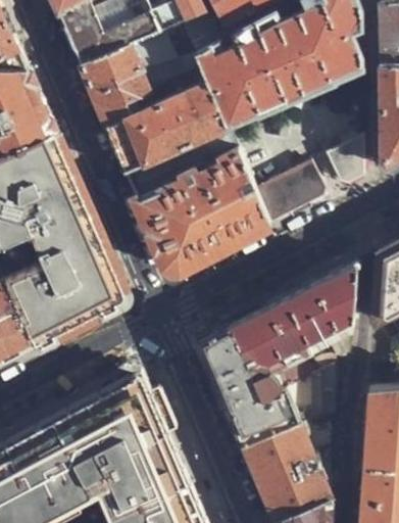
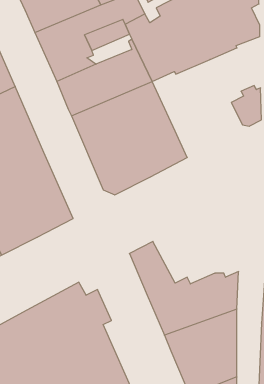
building: [254,160,325,222] -> none
building: [227,263,354,379] -> none

